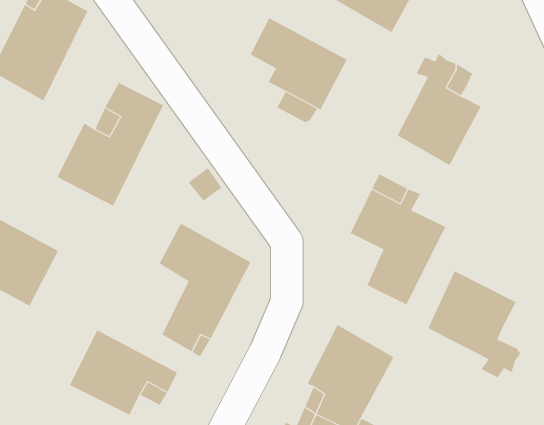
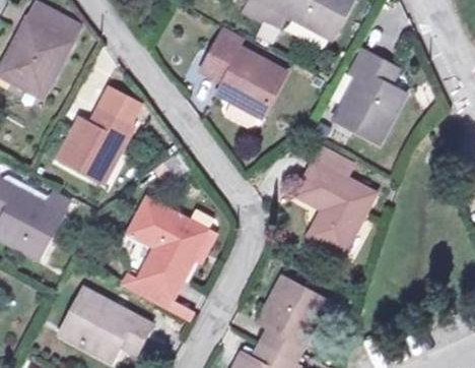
building: [428,271,521,378] -> none

